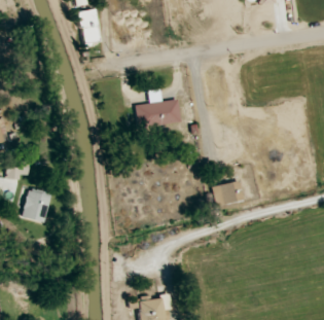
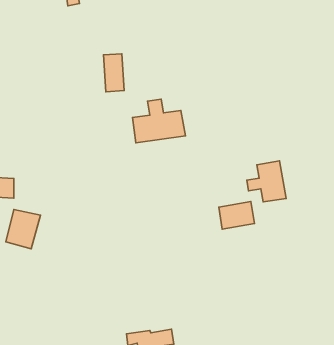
building: [80,10,99,44] -> [104,54,124,92]
building: none -> [247,161,286,202]

